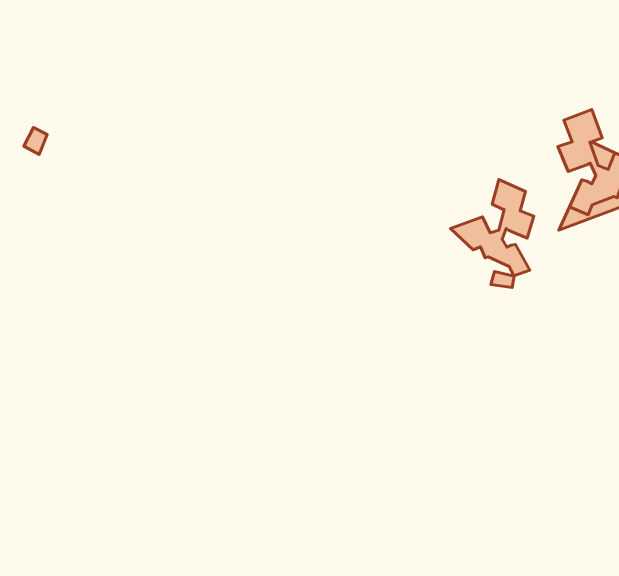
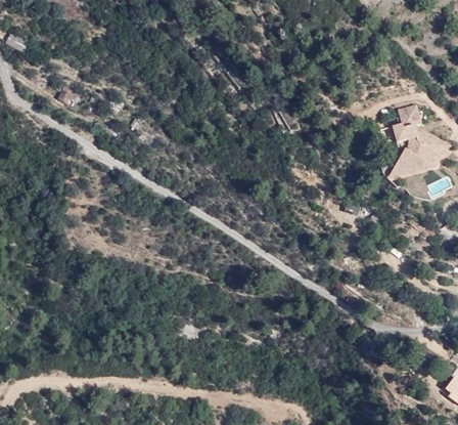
building: [450,180,534,276] -> none

